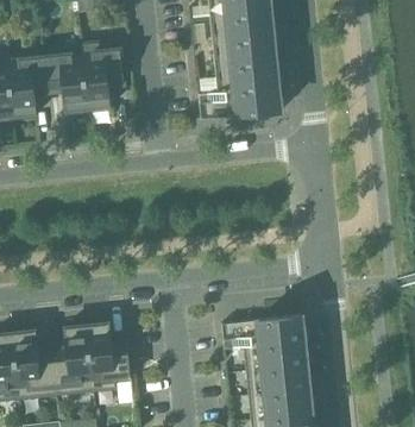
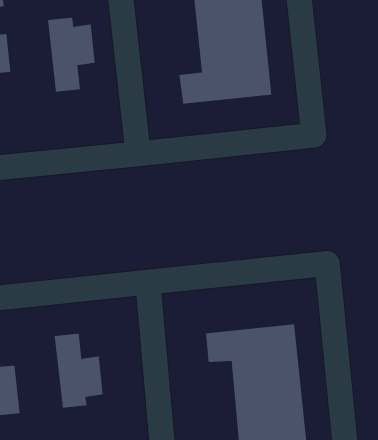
building: [46,45,89,112] -> none
building: [54,326,95,395] -> none

